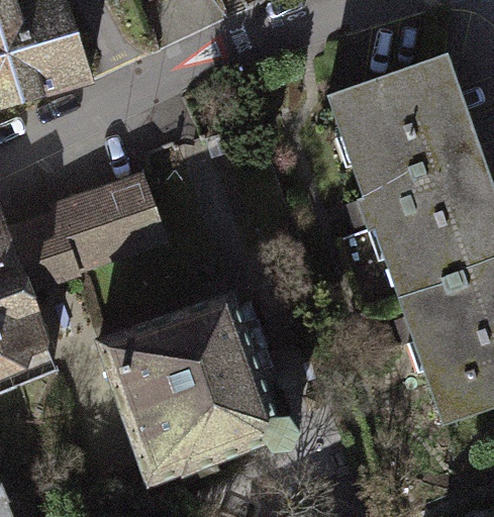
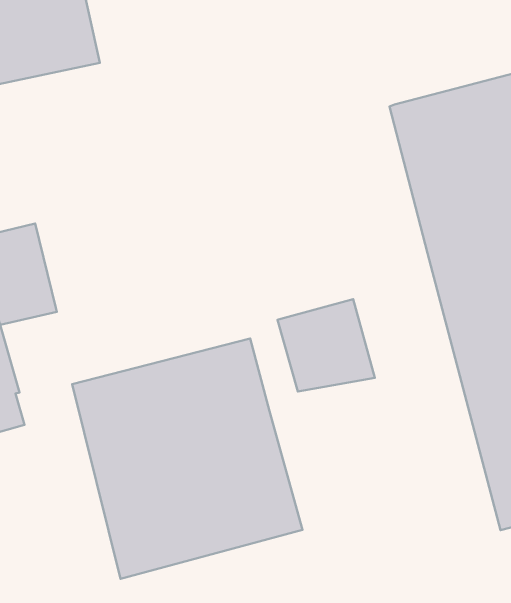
building: [50,172,170,278] -> none
building: none -> [277,299,375,391]

